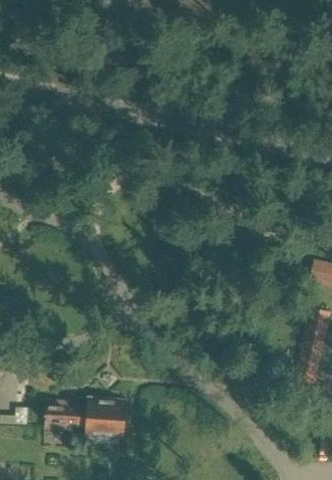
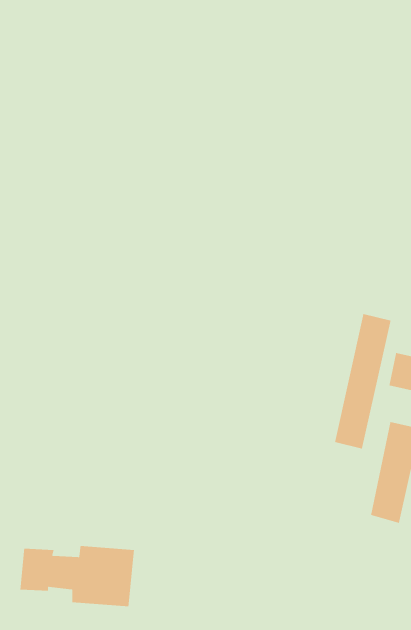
building: none -> [334,313,391,449]

